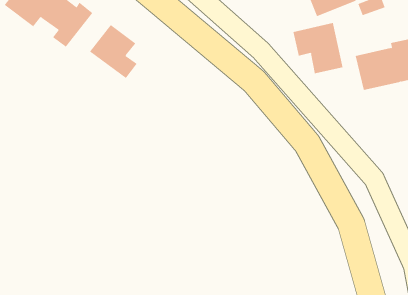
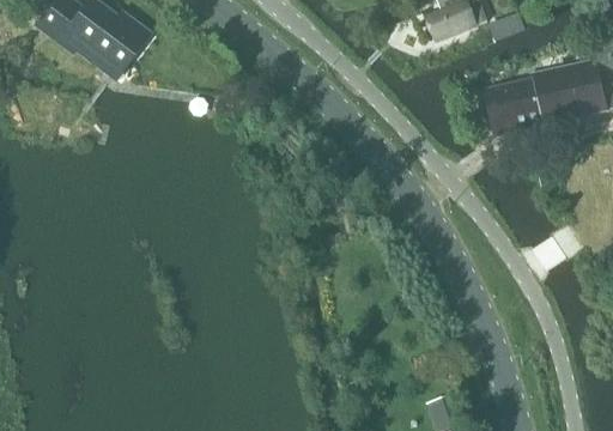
building: [293,22,343,74] -> none
building: [89,24,137,79] -> none

